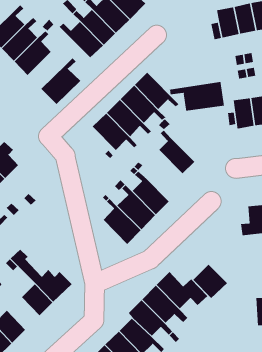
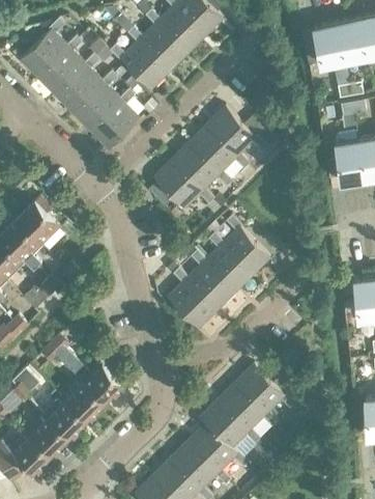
building: none -> [69,72,118,130]
building: [169,81,224,111] -> none
building: [158,130,195,174] -> [222,218,269,275]
building: [193,264,228,299] -> none
building: none -> [42,391,85,441]

